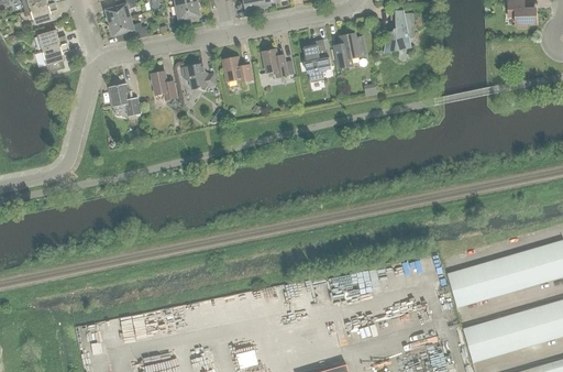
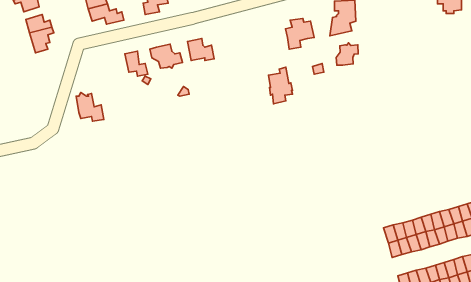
building: [303,39,331,80] -> [269,67,293,104]
building: [262,48,295,77] -> none
building: none -> [336,43,358,65]
building: [109,83,141,116] -> [76,92,104,121]

